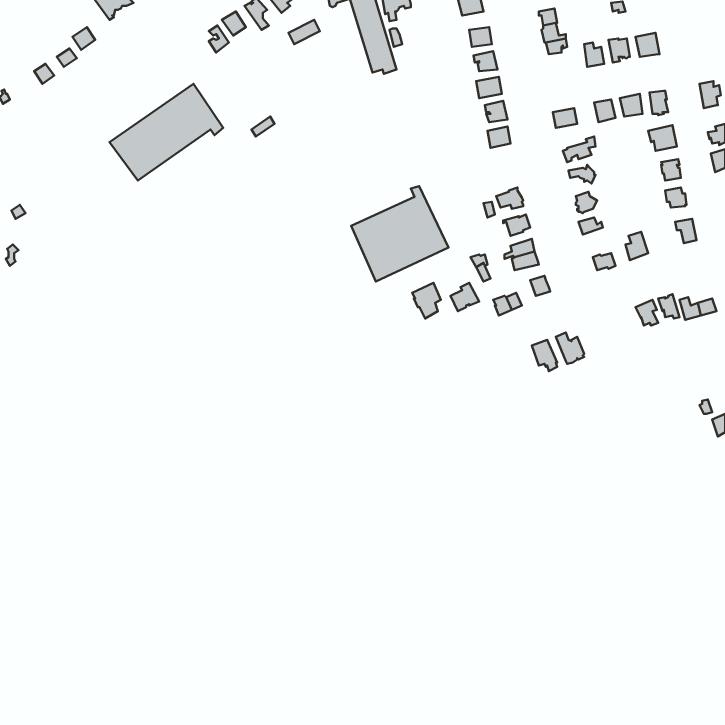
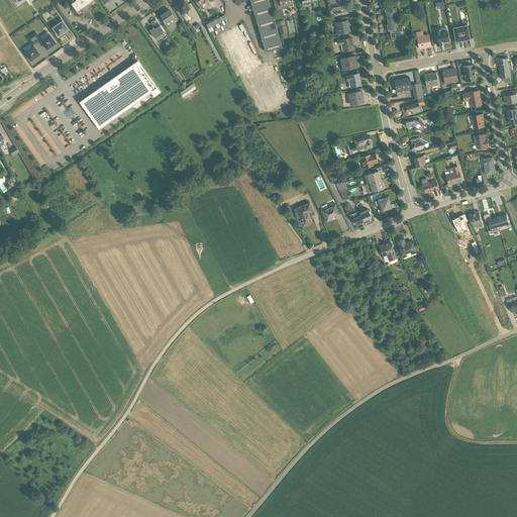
building: [351,186,449,281] -> none

